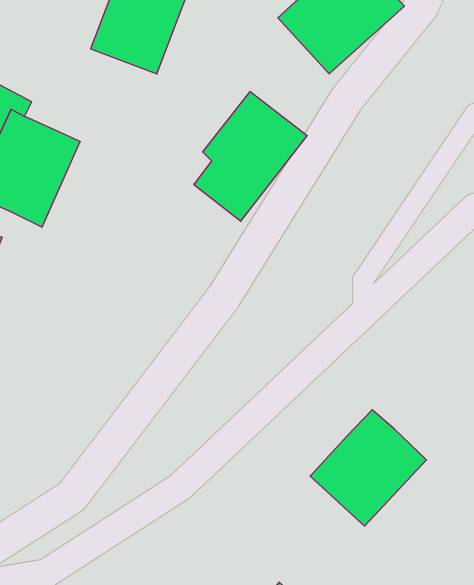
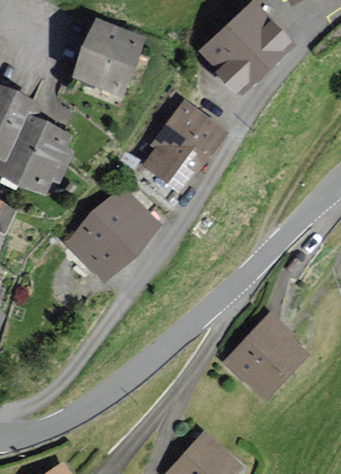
building: none -> [69,191,155,277]

